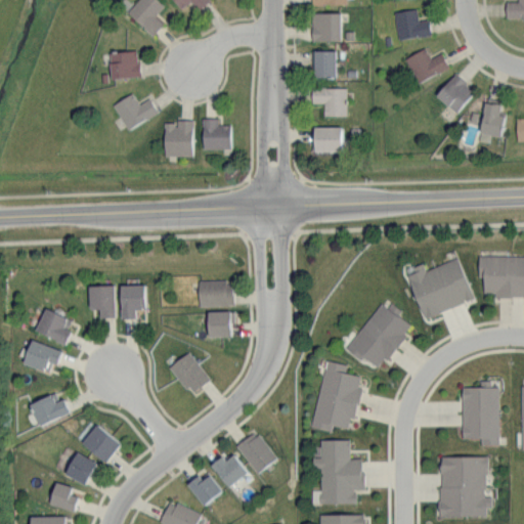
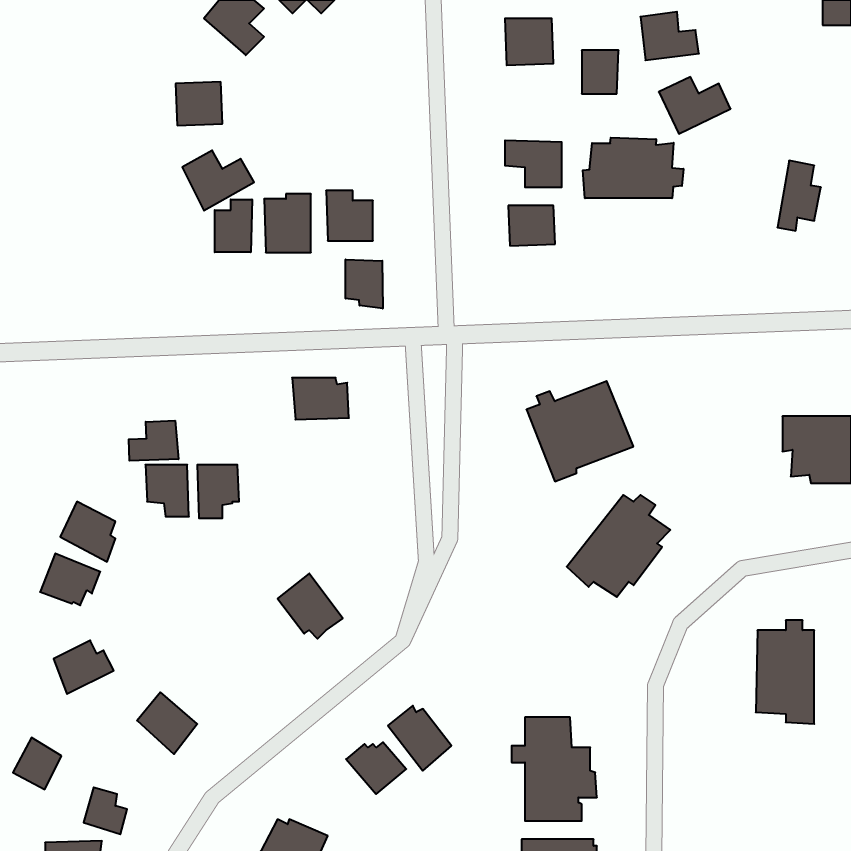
building: [311,51,334,78] -> [582,50,619,94]
building: [434,75,473,114] -> none
building: none -> [583,138,683,198]
building: none -> [215,199,252,252]
building: none -> [346,259,383,309]
building: [408,259,474,320] -> [526,381,633,481]
building: none -> [129,421,178,461]
building: [199,281,233,307] -> [292,378,349,420]
building: [209,312,234,338] -> none
building: [311,361,362,433] -> none
building: [67,453,96,485] -> [13,738,61,789]
building: [438,457,492,518] -> none
building: [188,473,223,506] -> none

